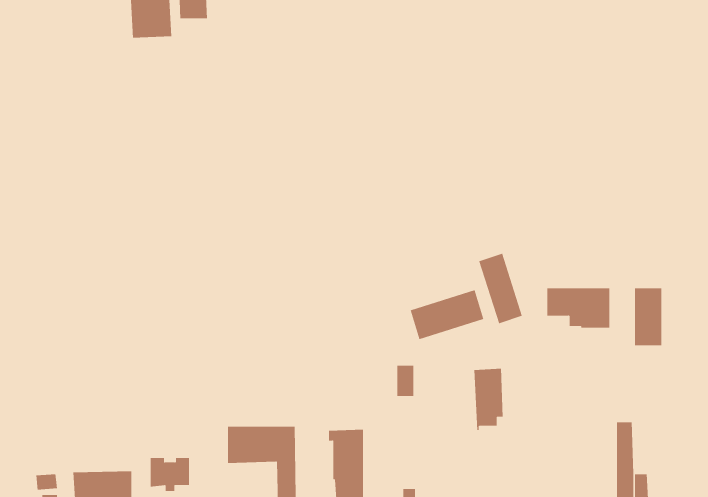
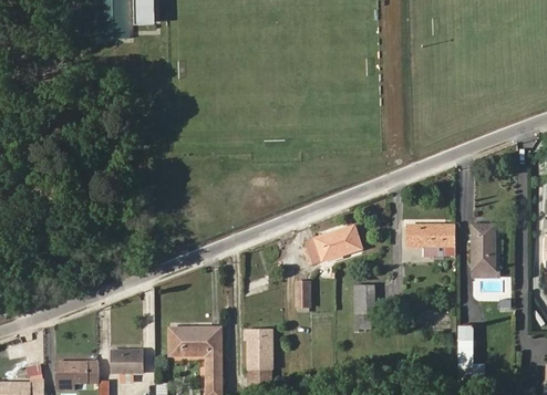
building: [479,253,523,324] -> none

